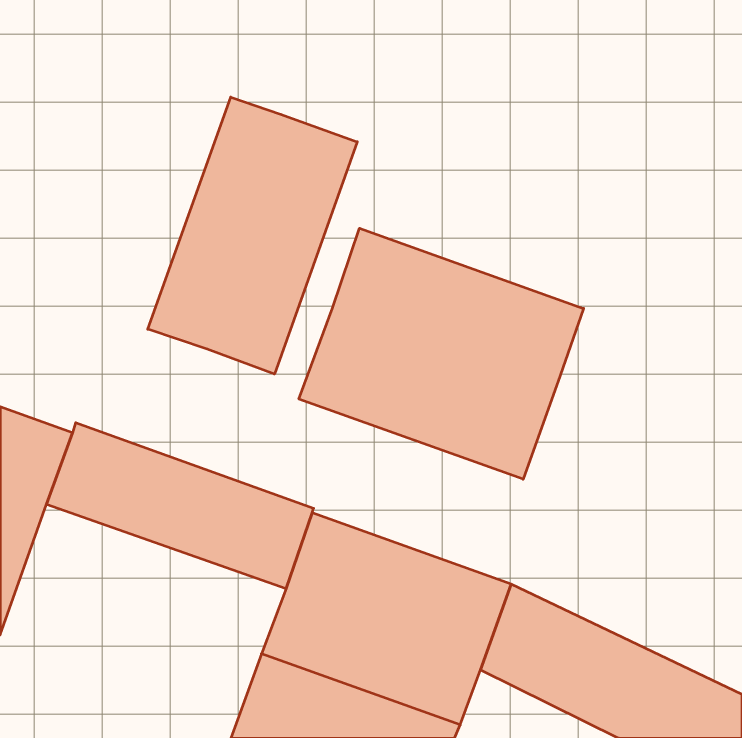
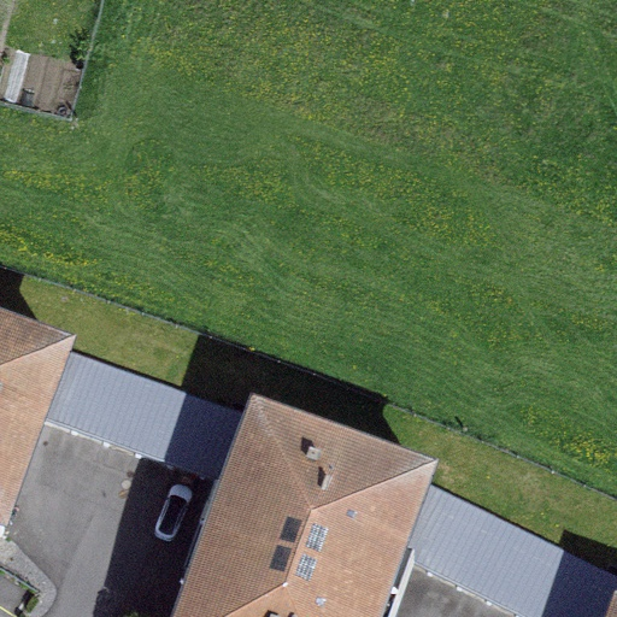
building: [148,97,357,374] -> none
building: [299,228,584,479] -> none

